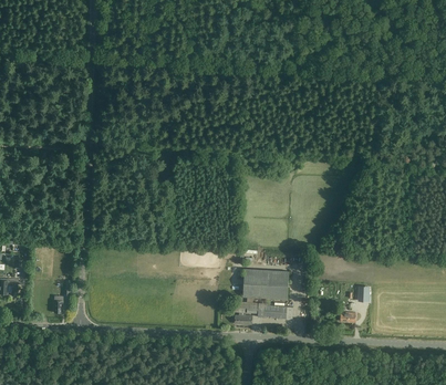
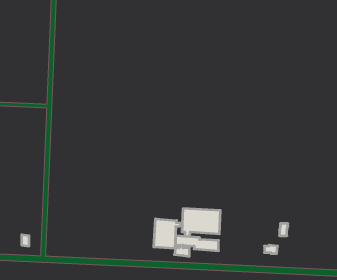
building: none -> [154,219,181,249]

